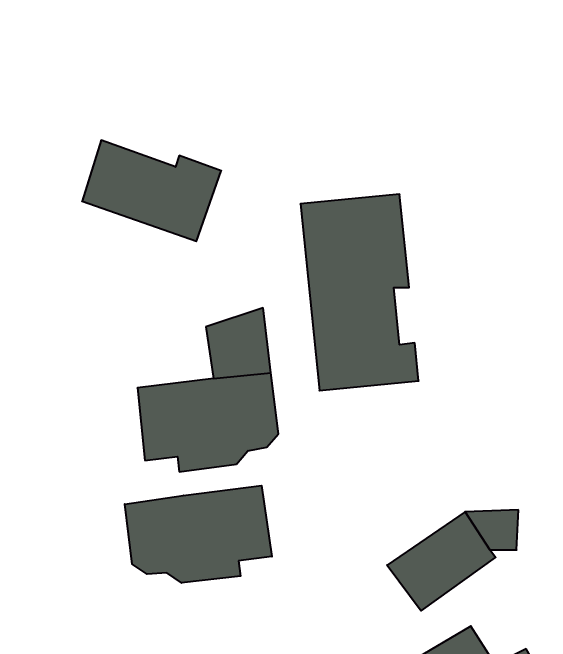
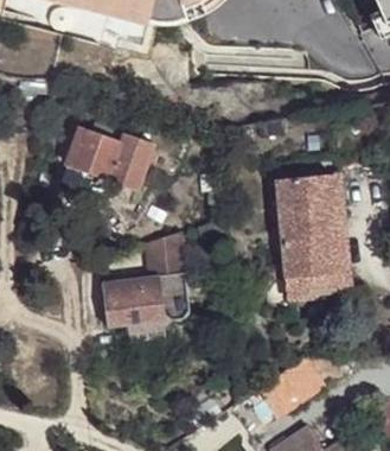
building: [300,194,419,391] -> [275,178,349,300]
building: [125,486,272,583] -> none

